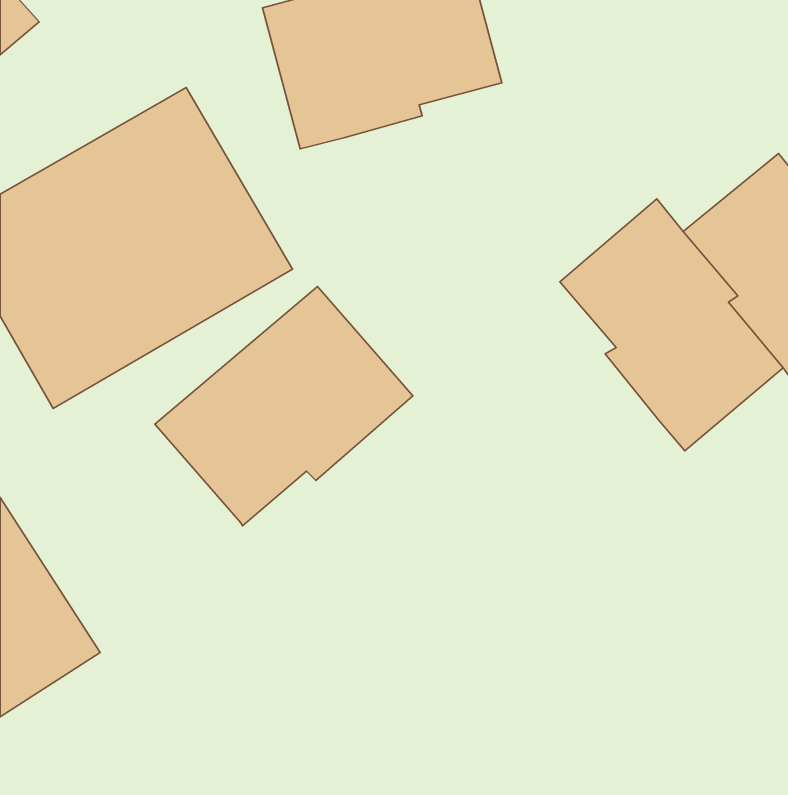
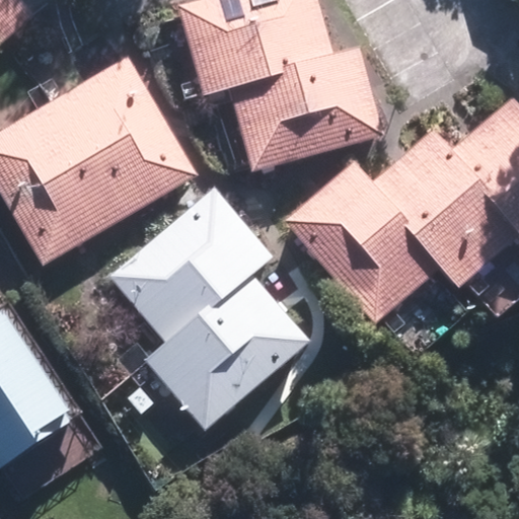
building: none -> [230,47,384,171]
building: none -> [281,161,434,326]
building: none -> [143,276,306,430]

